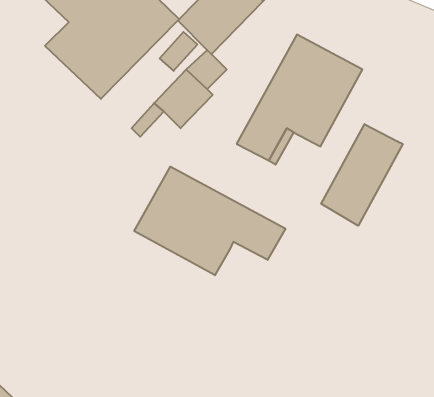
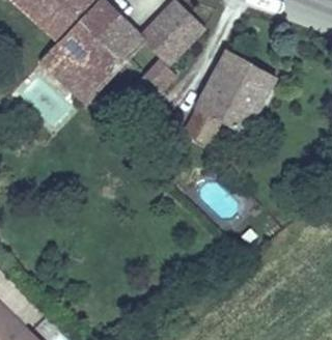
building: [321,124,403,226] -> none
building: [134,167,285,275] -> none

